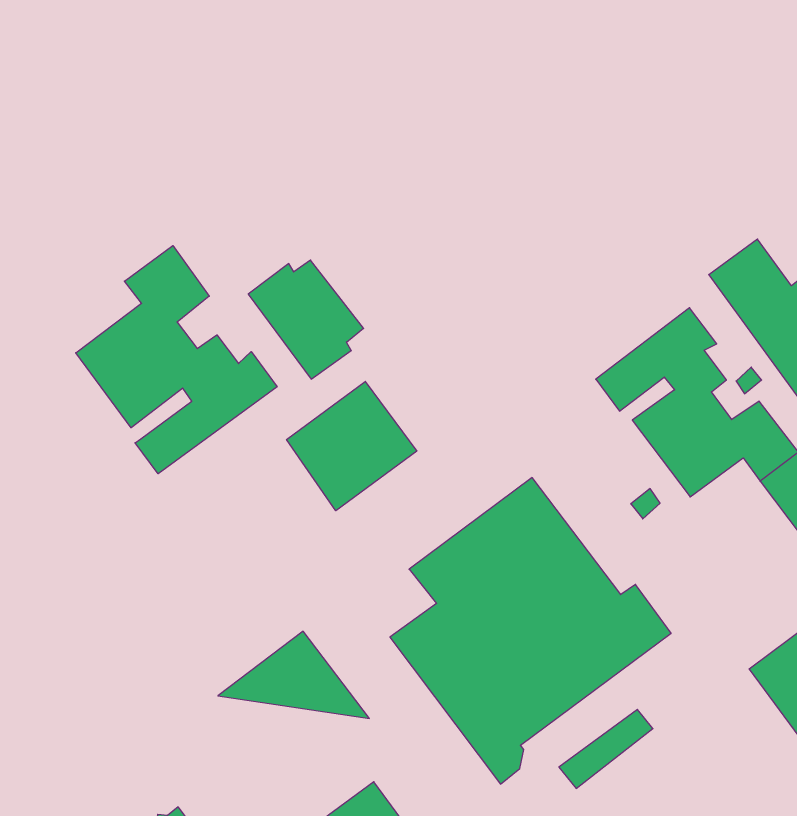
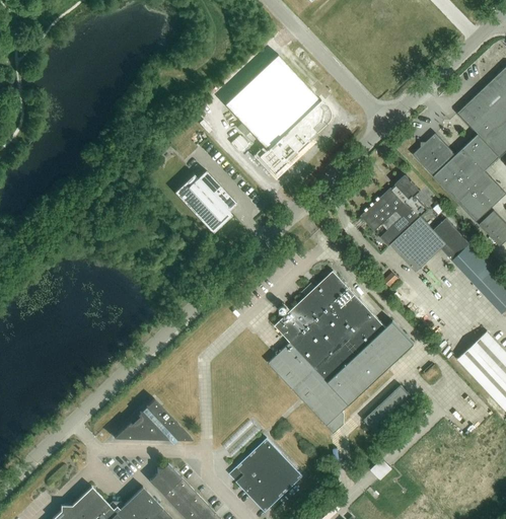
building: none -> [222,54,331,174]
building: [76,246,277,474] -> none
building: [287,381,417,511] -> none
building: [218,631,369,718] -> [113,399,193,441]

